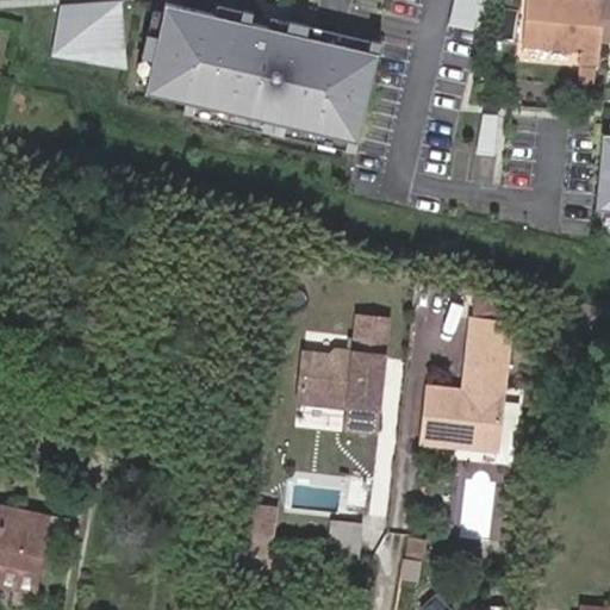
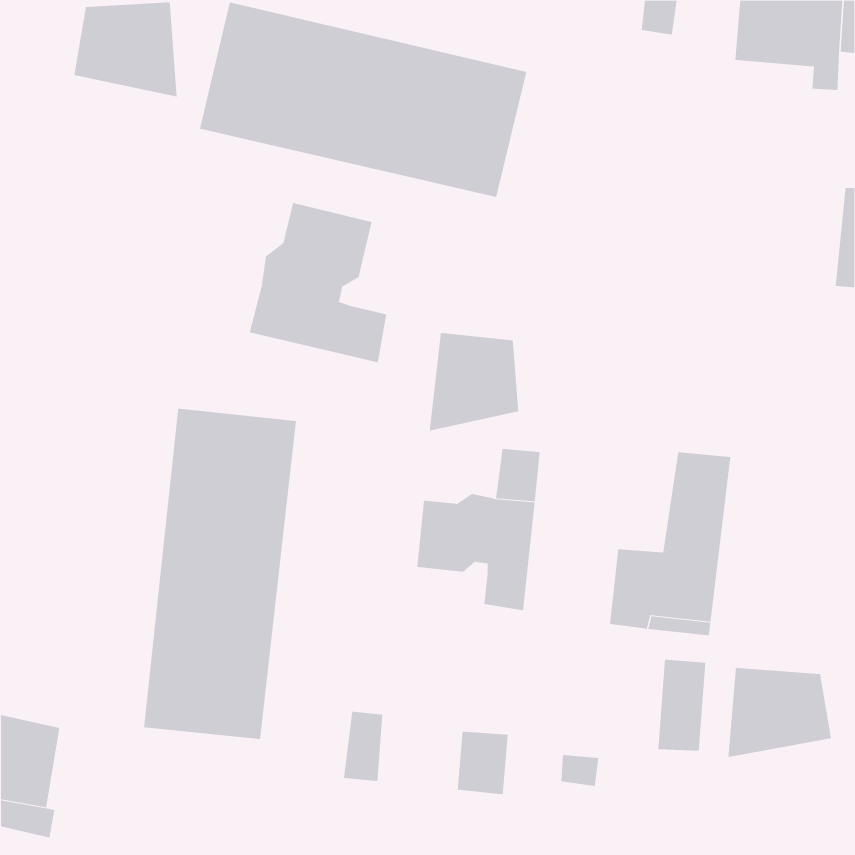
building: none -> [249,202,387,363]
building: none -> [429,332,519,432]
building: none -> [143,408,297,740]
building: none -> [728,667,831,758]

